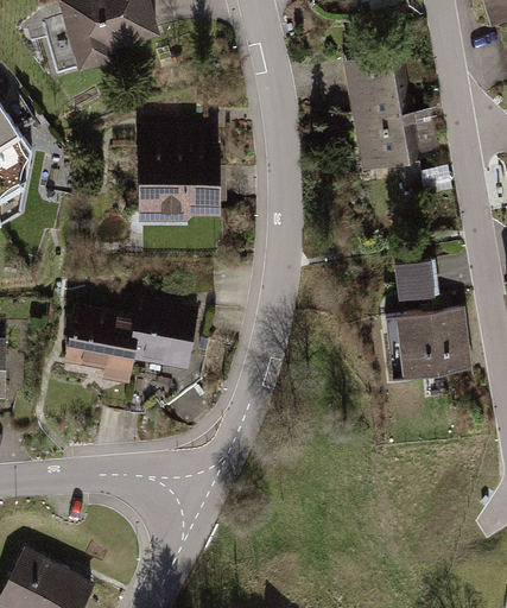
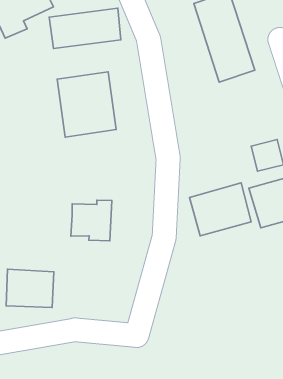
building: none -> [49,8,121,49]
building: [66,310,139,372] -> [6,269,54,308]
building: none -> [189,183,251,236]

